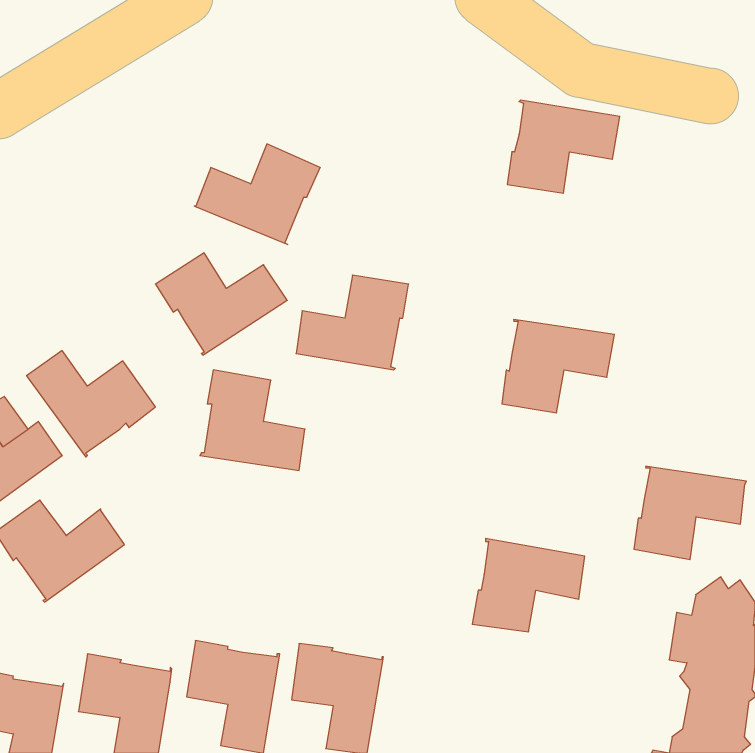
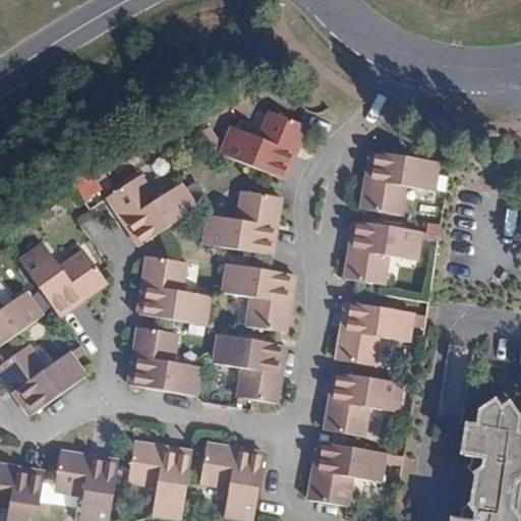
building: [507,100,620,193] -> [361,150,439,214]
building: [194,144,320,244] -> [220,109,306,178]
building: none -> [222,262,294,331]
building: [634,466,746,560] -> [337,301,414,365]
building: none -> [128,326,201,395]
building: none -> [213,333,286,402]
building: none -> [308,441,386,505]

